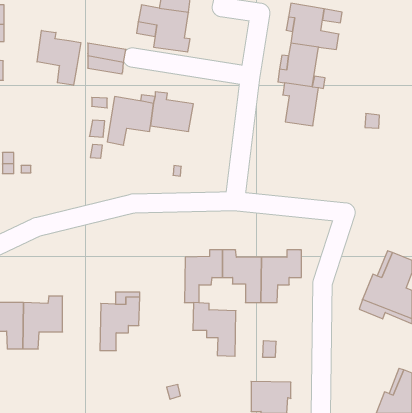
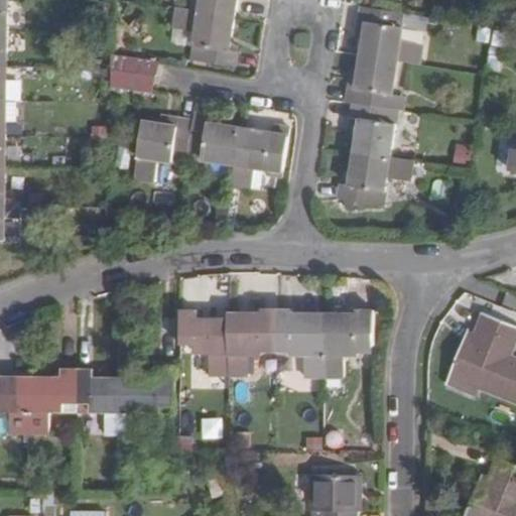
building: [37,30,81,85] -> none
building: none -> [230,125,288,189]
building: none -> [338,151,410,205]
building: none -> [78,368,125,435]
building: [193,303,236,356] -> [176,309,230,376]

